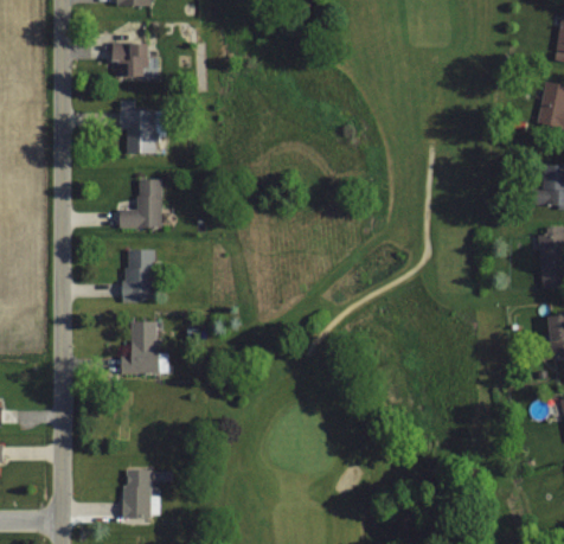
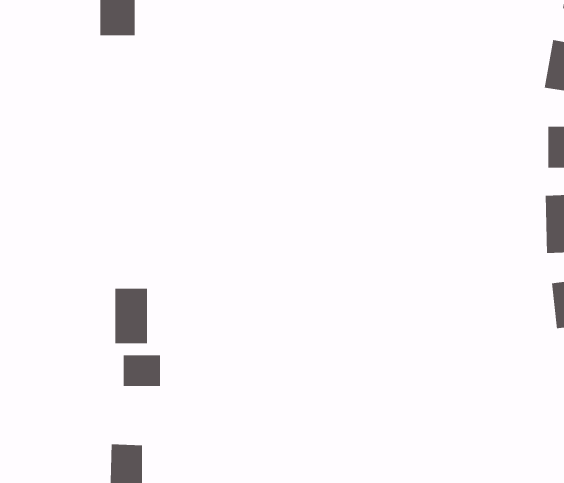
building: [122,110,156,155] -> none
building: [117,180,161,228] -> none
building: [123,248,153,299] -> none
building: none -> [123,354,160,387]

